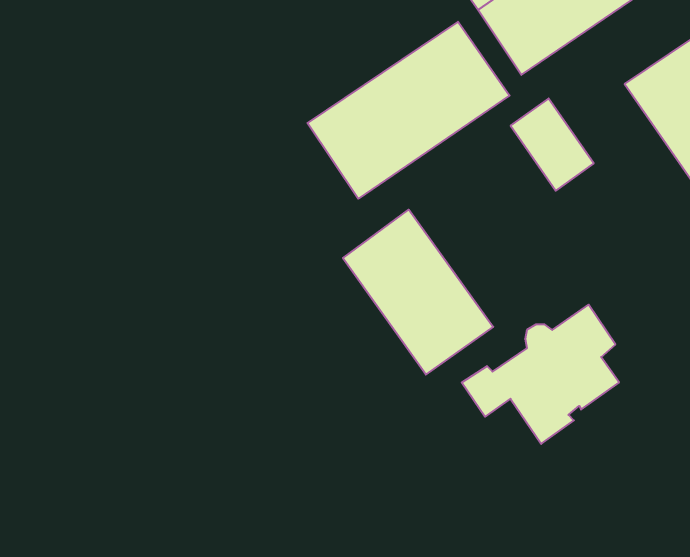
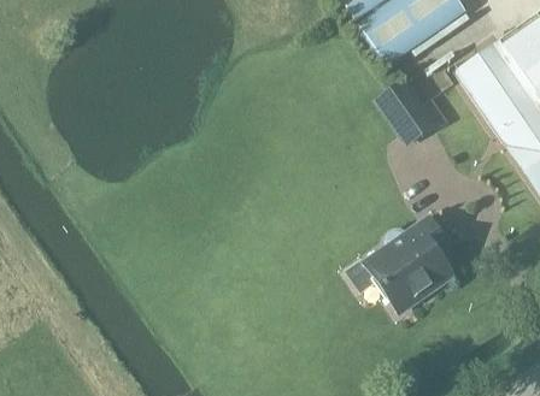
building: [307,22,510,199] -> none
building: [343,210,493,375] -> none

